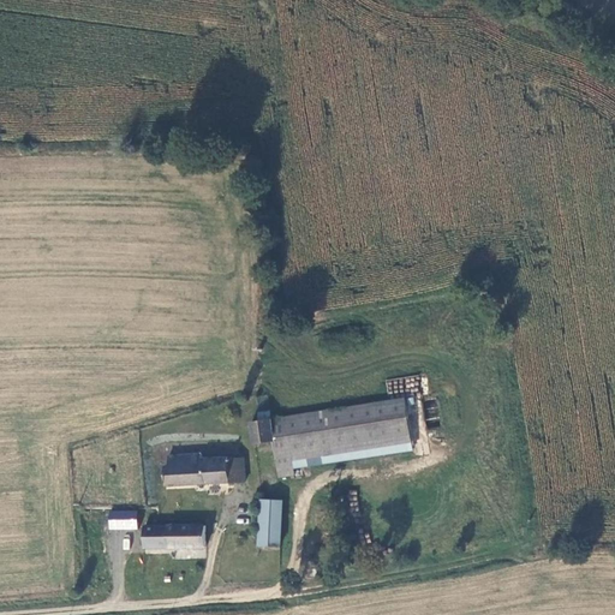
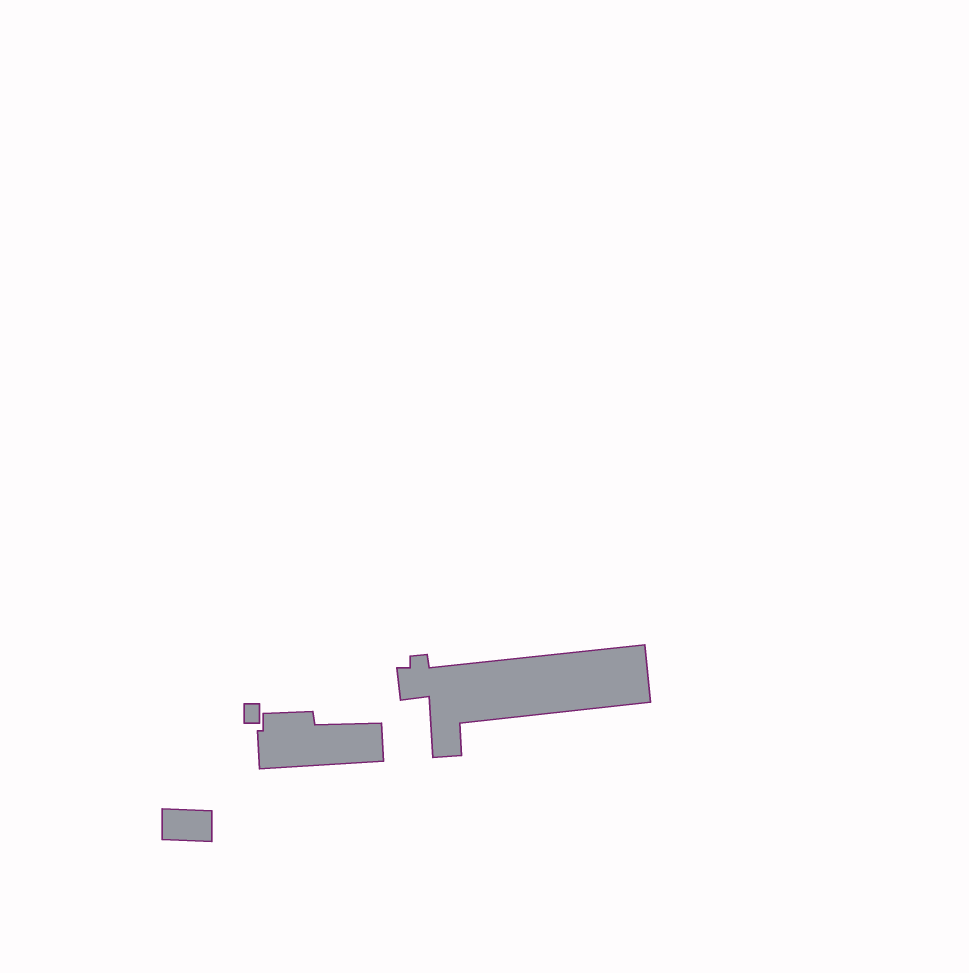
building: [257,501,283,545] -> none
building: [144,524,205,548] -> none

